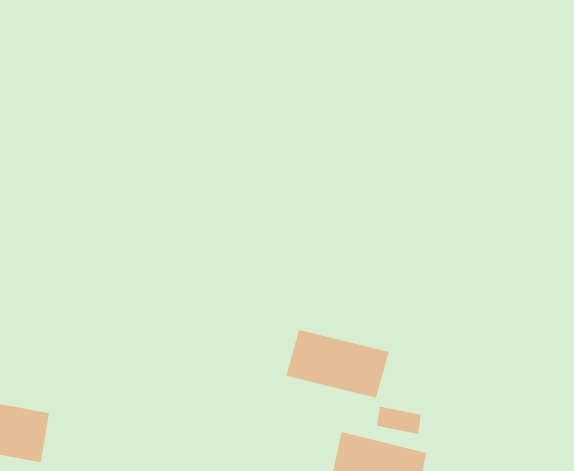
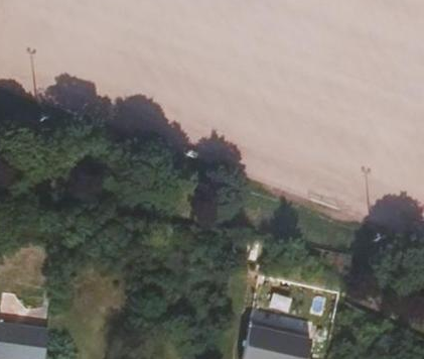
building: [285,329,390,398] -> none

